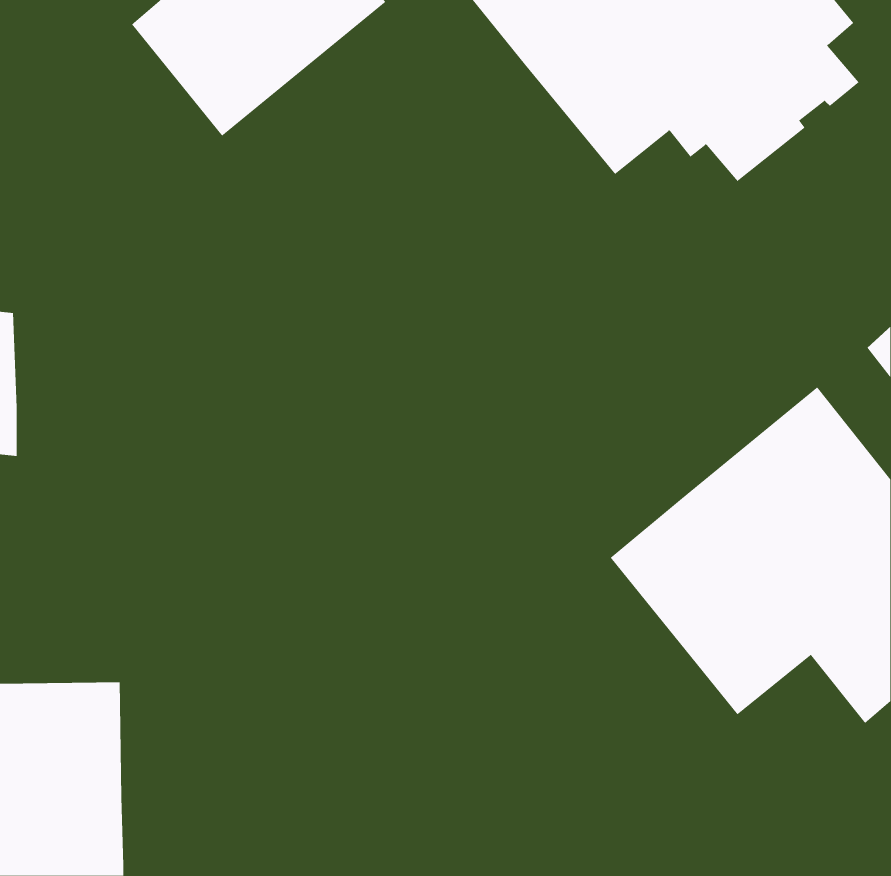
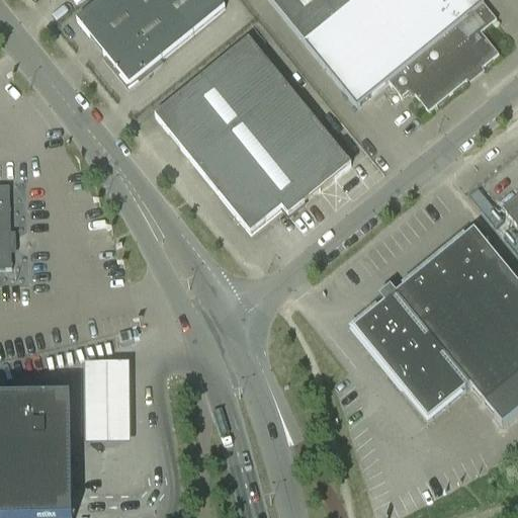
building: none -> [154,33,350,228]
building: none -> [85,362,130,446]

